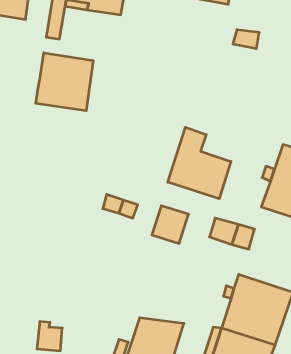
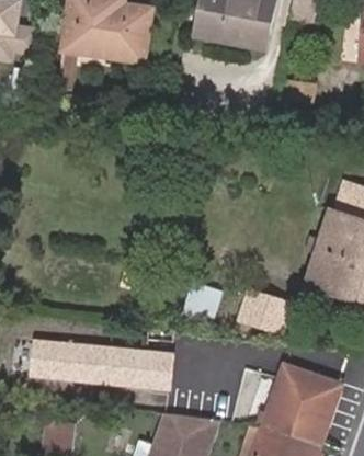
building: [36,53,93,111] -> none
building: [168,127,231,199] -> none
building: none -> [27,340,177,394]

